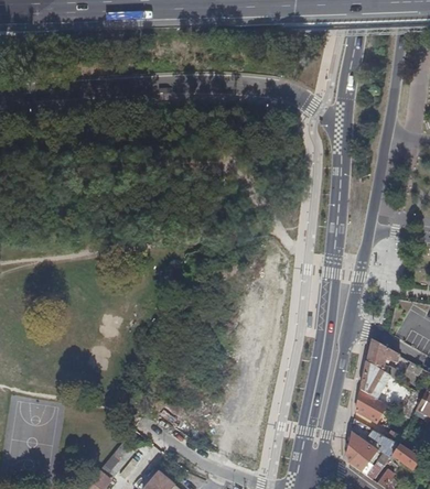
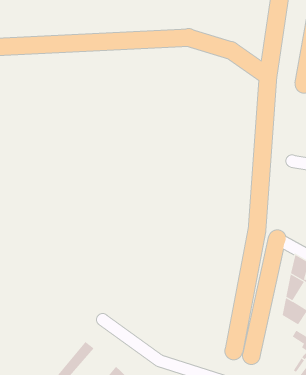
building: [347,431,377,472] -> none

